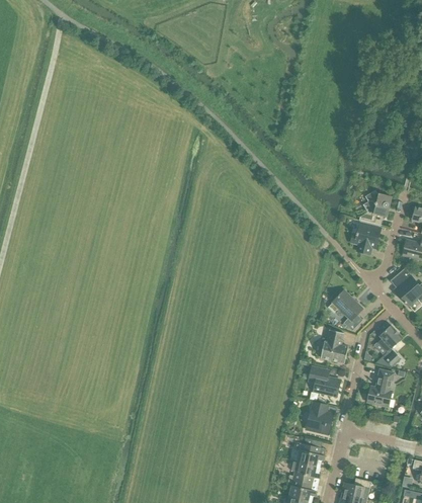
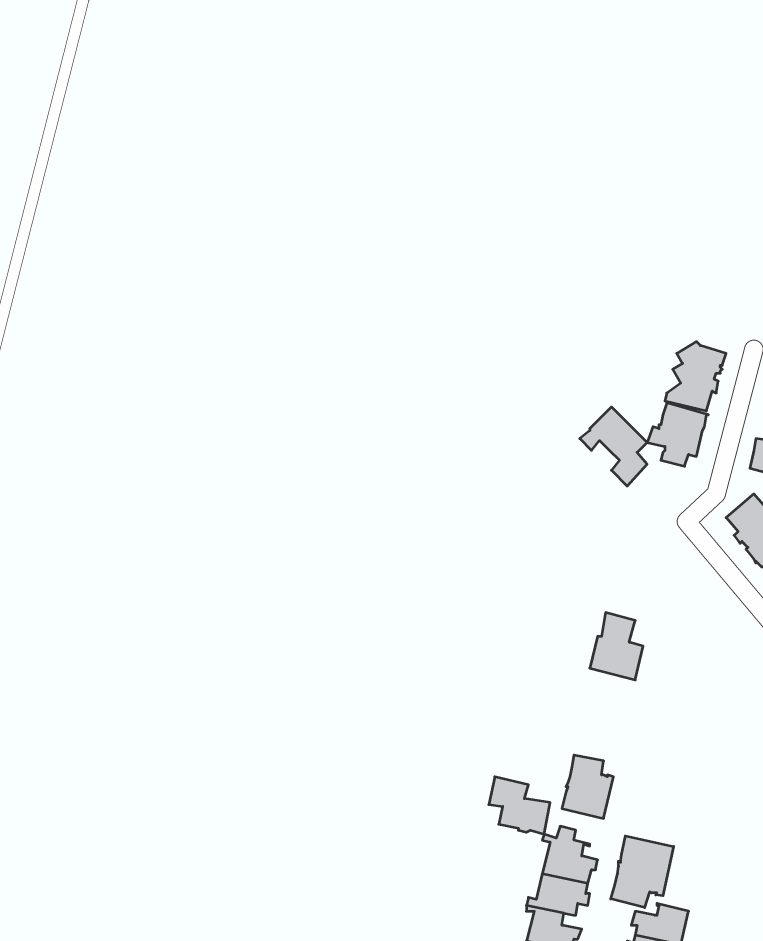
building: [327,290,361,331] -> [580,407,647,486]
building: [373,325,402,366] -> none
building: [308,366,339,396] -> [489,777,550,834]
building: [366,369,394,407] -> none
building: none -> [611,836,674,908]

